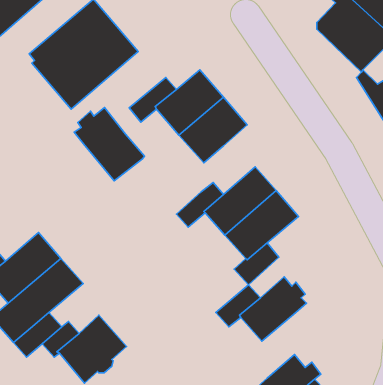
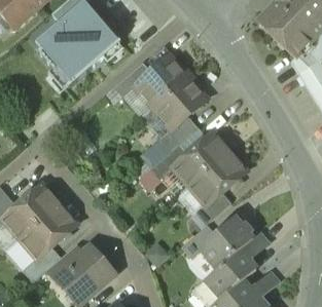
building: [74,107,144,181] -> none
building: none -> [158,115,198,151]
building: none -> [205,245,255,297]

